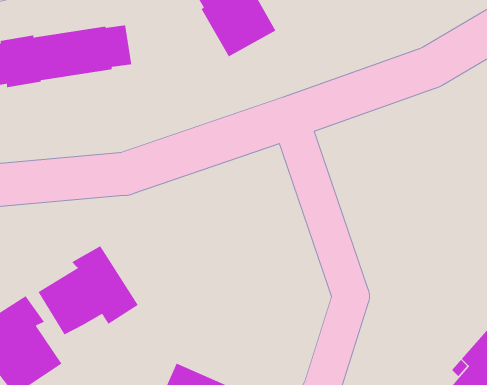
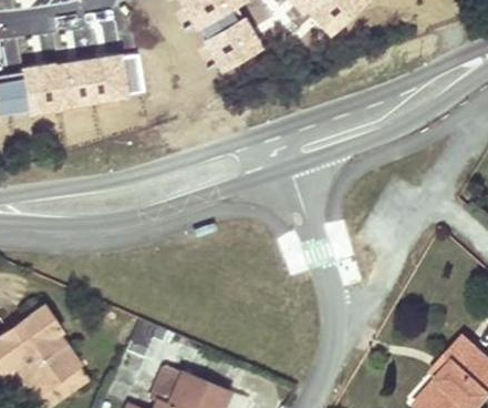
building: [37,245,139,336] -> none

